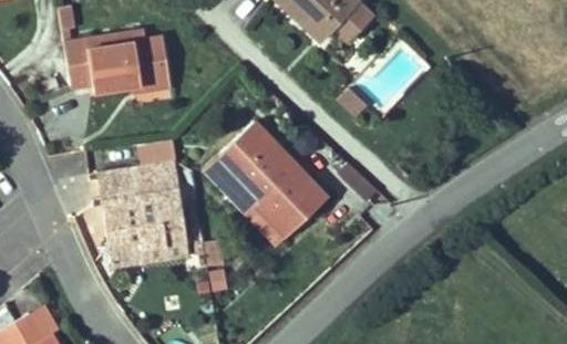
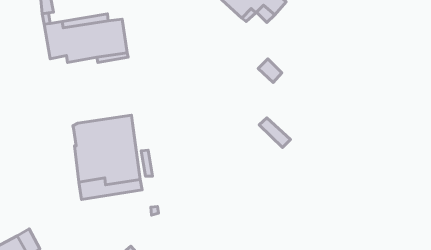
building: [204,121,328,236] -> none

